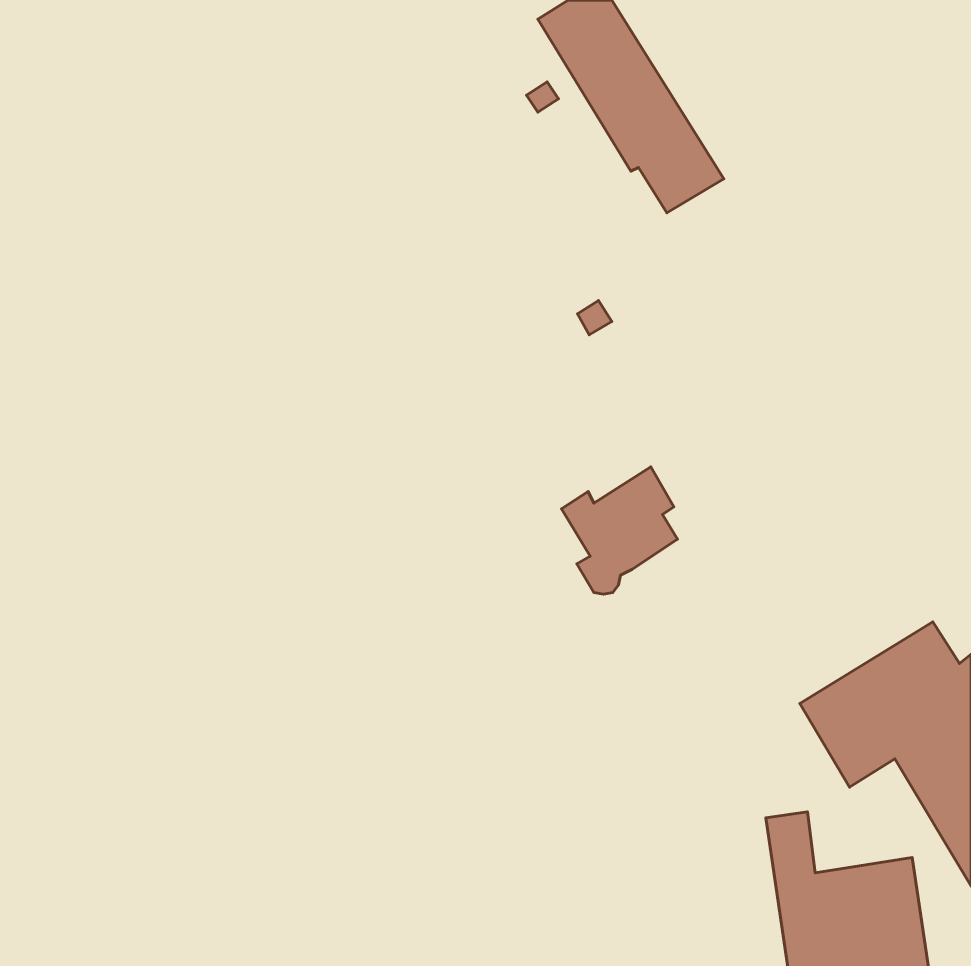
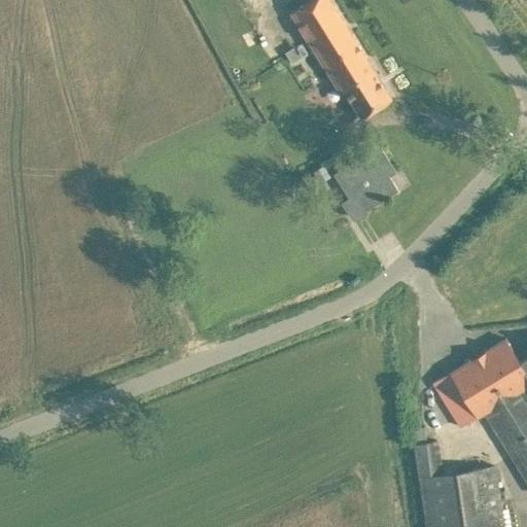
building: [562,467,678,594] -> [335,151,397,220]

